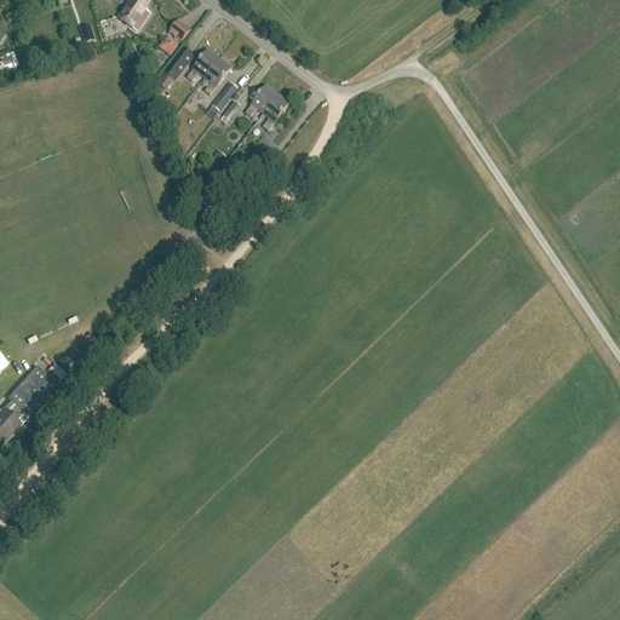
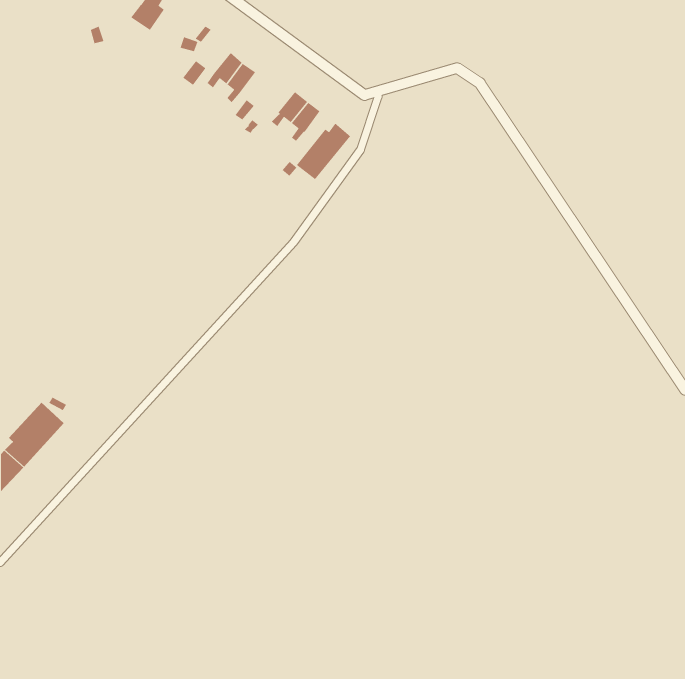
building: none -> [296,122,351,180]

